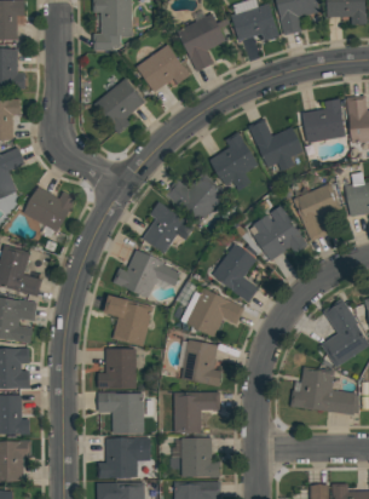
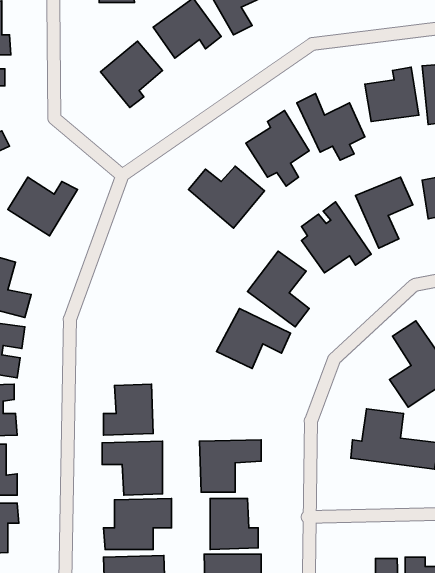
building: [142,201,194,253] -> none
building: [114,250,179,297] -> none
building: [103,294,150,345] -> none
building: [181,340,220,386] -> none

